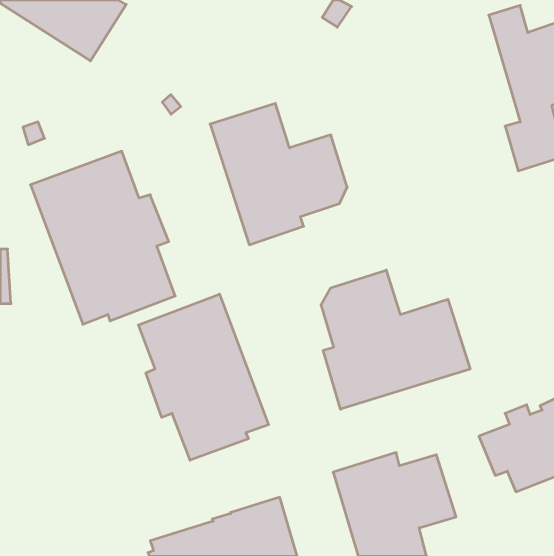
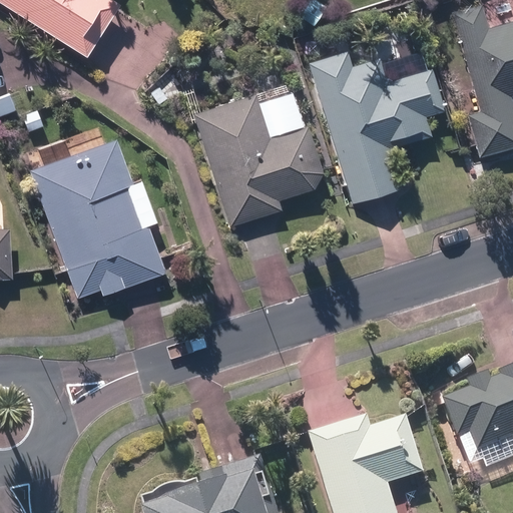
building: none -> [309,53,444,204]
building: [321,270,470,409] -> none
building: [138,294,269,460] -> none

